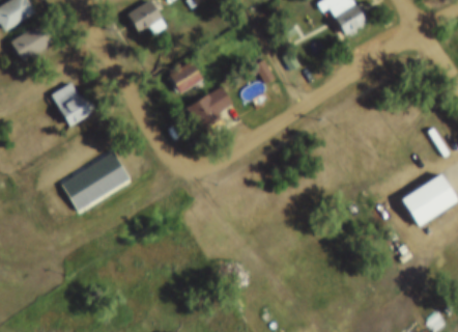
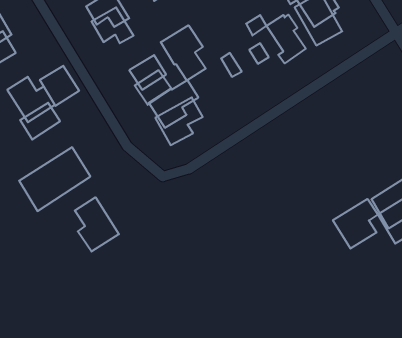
building: none -> [267,15,306,63]
building: none -> [161,25,206,80]
building: none -> [40,66,79,106]
building: none -> [75,197,119,252]
building: none -> [333,199,378,249]

